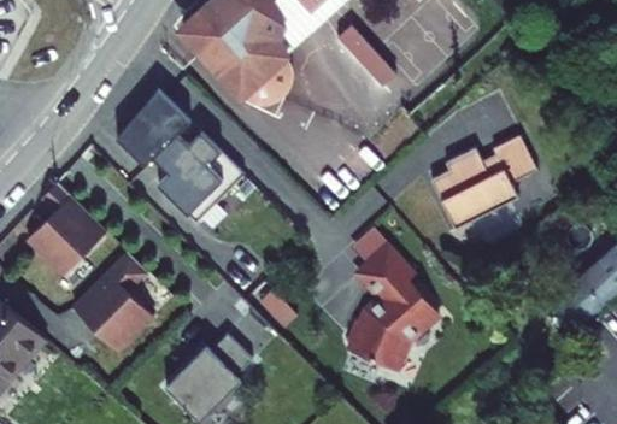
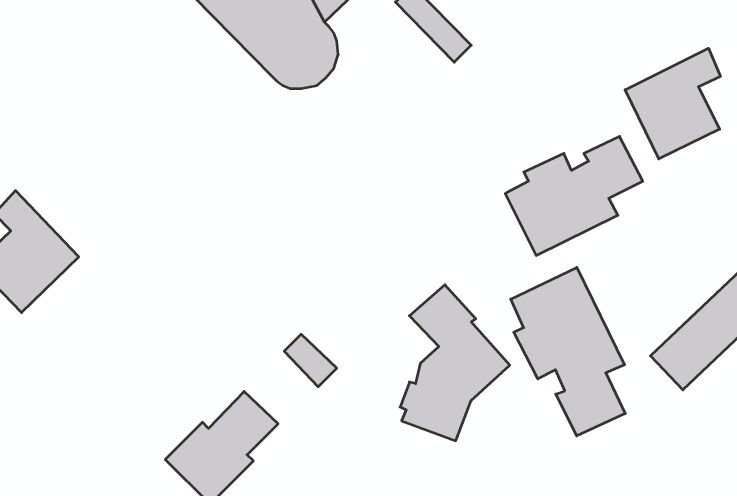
building: none -> [625,48,720,159]
building: [118,89,246,223] -> none
building: none -> [511,267,625,436]
building: [65,251,145,347] -> none

